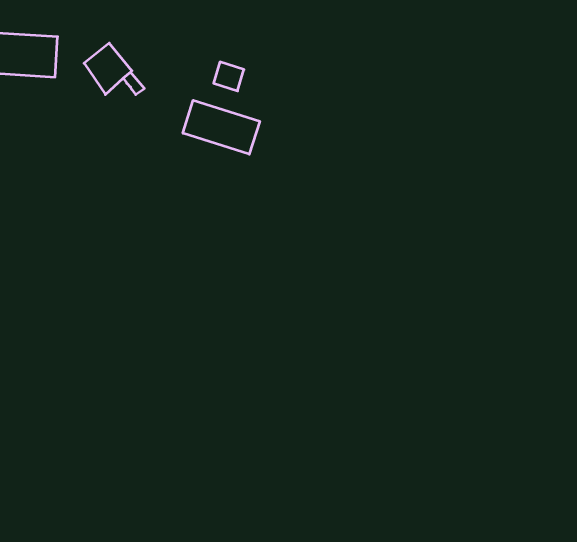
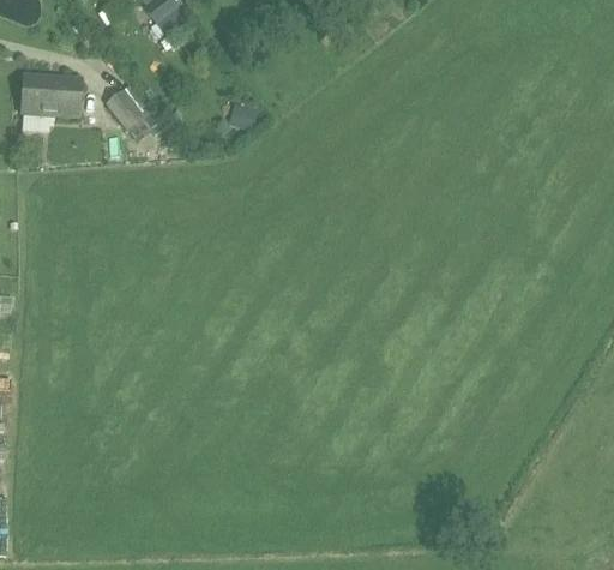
building: [183,100,260,154] -> none

